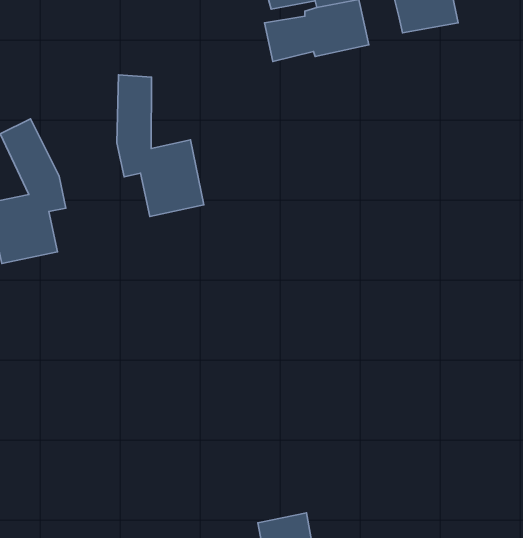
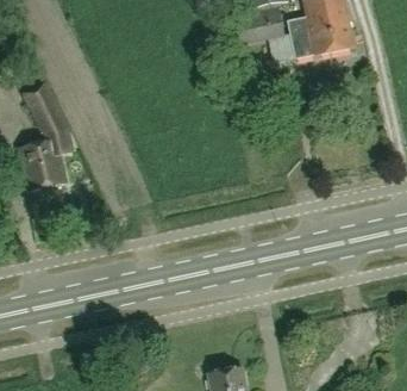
building: none -> [288,15,356,57]
building: [117,75,204,216] -> none

